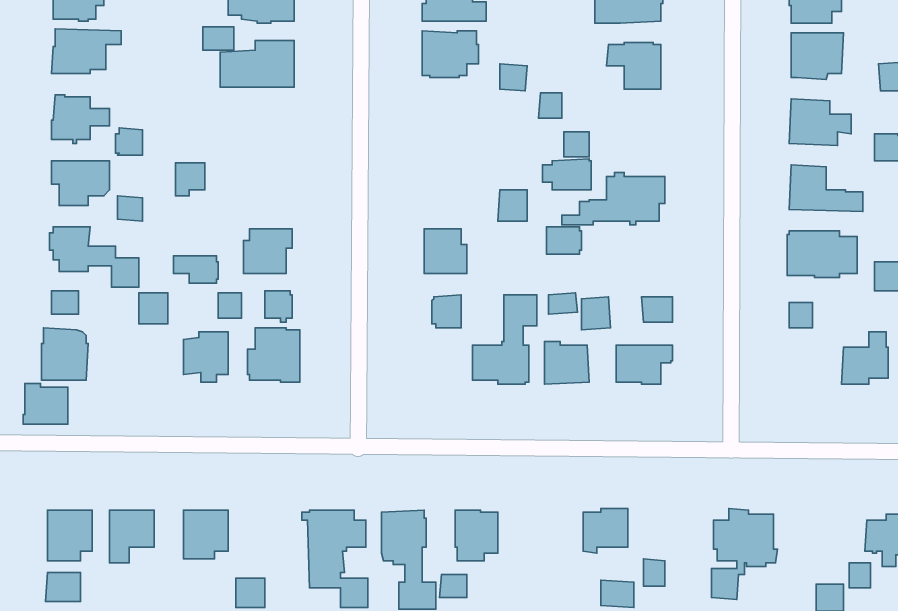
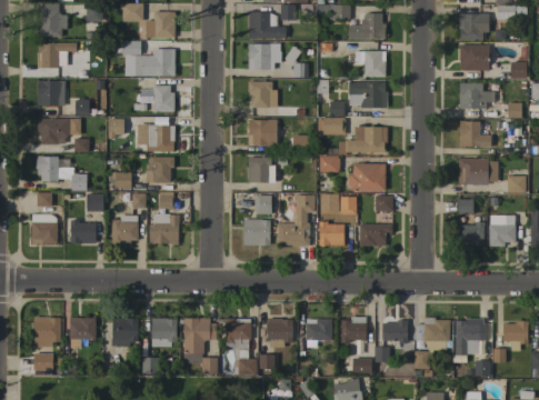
building: none -> [249,81,278,108]
building: none -> [349,82,388,108]
building: none -> [141,86,174,111]
building: none -> [248,119,277,146]
building: none -> [138,123,174,151]
building: none -> [349,162,386,190]
building: none -> [243,219,270,246]
building: none -> [458,222,485,246]
building: [23,383,68,424] -> [70,220,96,243]
building: none -> [152,318,177,347]
building: none -> [306,319,332,348]
building: none -> [382,320,408,340]
building: none -> [456,320,486,356]

